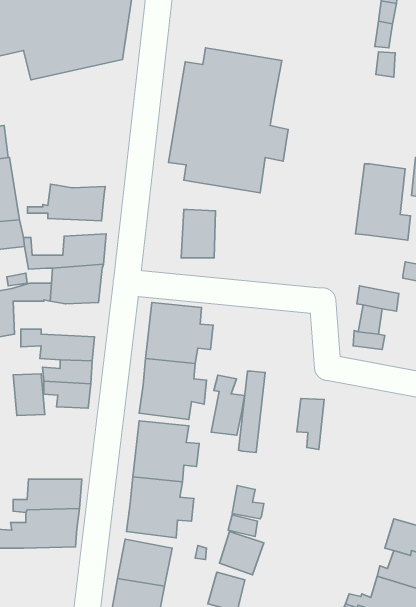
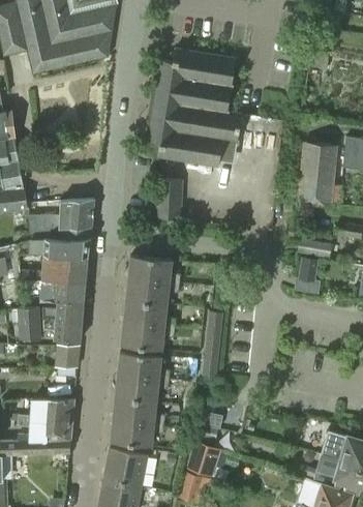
building: [28,184,105,221] -> [25,252,88,282]
building: [211,375,245,435] -> none
building: [297,398,324,449] -> none
building: none -> [55,345,81,367]

